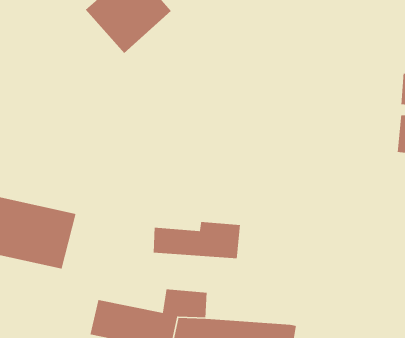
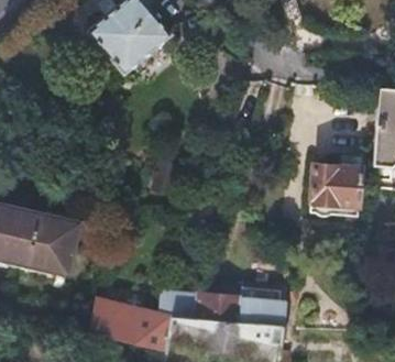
building: none -> [315,164,365,217]
building: [153,221,241,259] -> [200,288,282,323]

